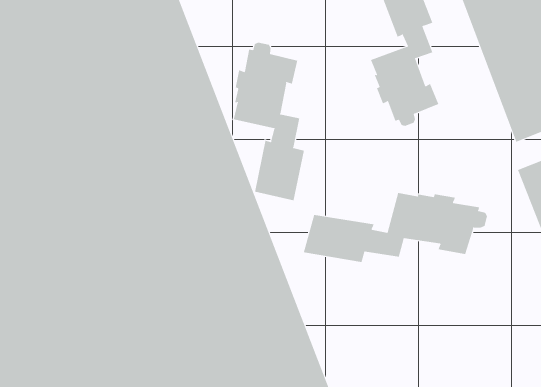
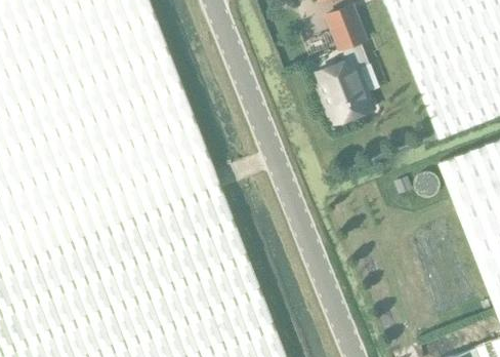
building: [233,42,305,201] -> none
building: [303,192,488,263] -> none

